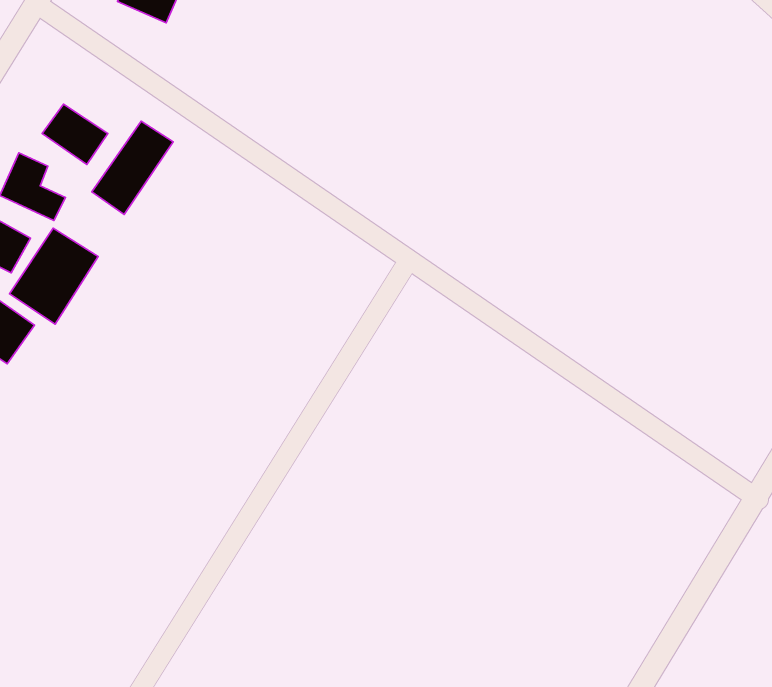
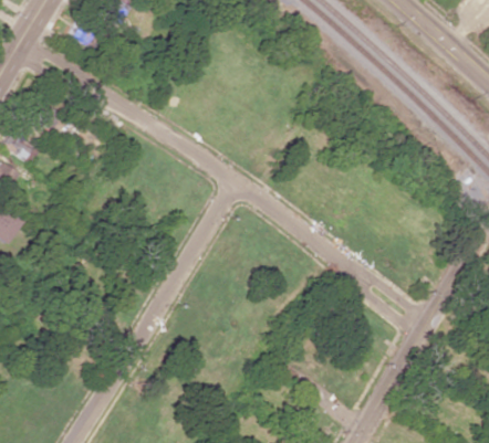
building: [92,121,173,214] -> none
building: [9,228,98,324] -> none

